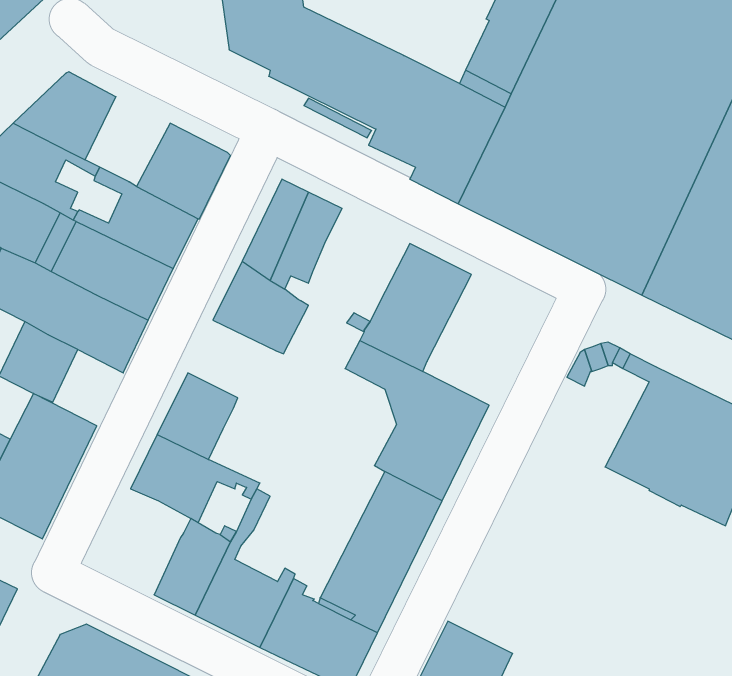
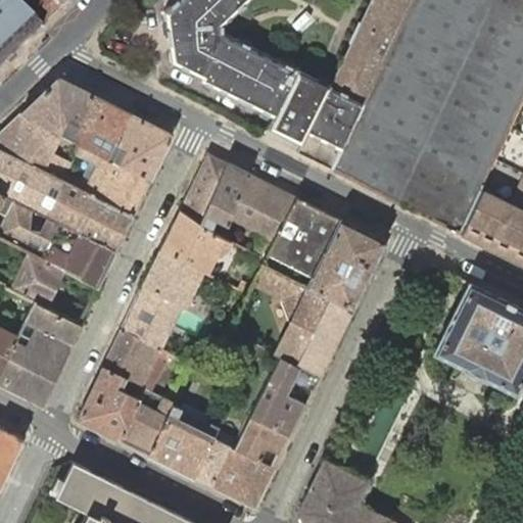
building: none -> [72,95,131,157]
building: none -> [230,173,297,239]
building: none -> [306,219,385,310]
building: none -> [143,250,204,308]
building: none -> [78,368,145,441]

